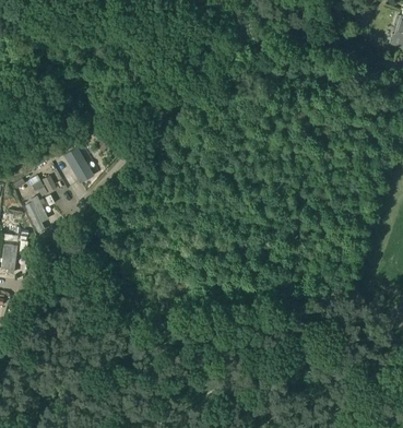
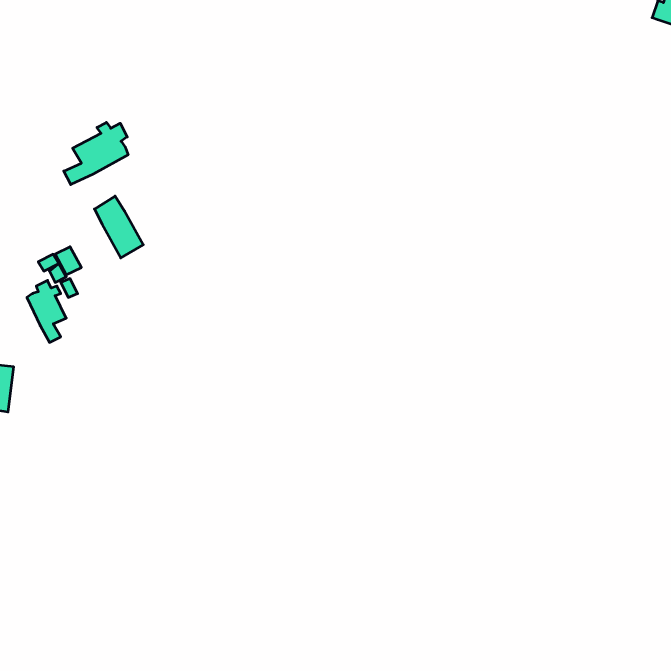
building: none -> [64,122,128,185]

